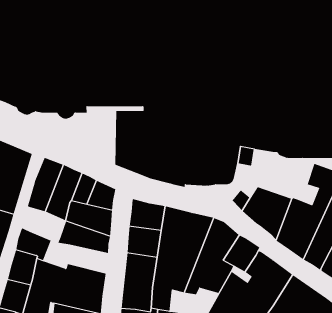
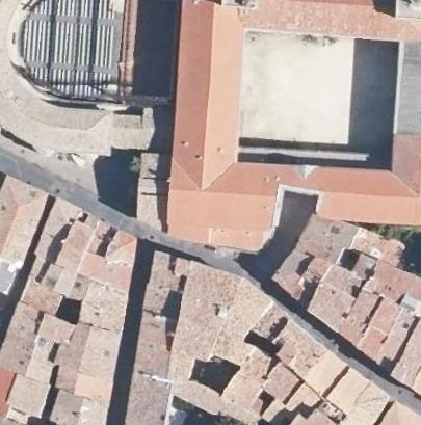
building: none -> [293,213,358,266]
building: none -> [30,256,79,297]
building: none -> [79,300,125,335]

